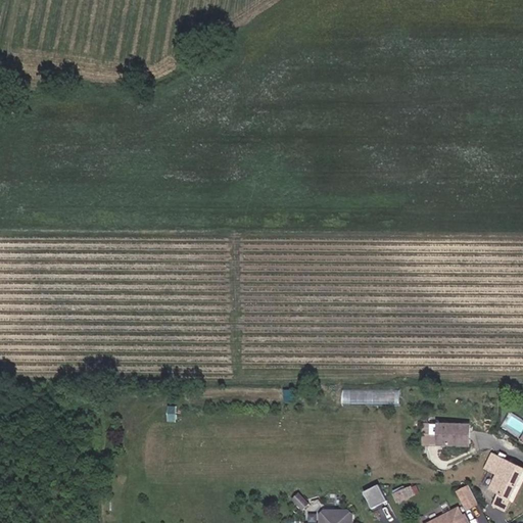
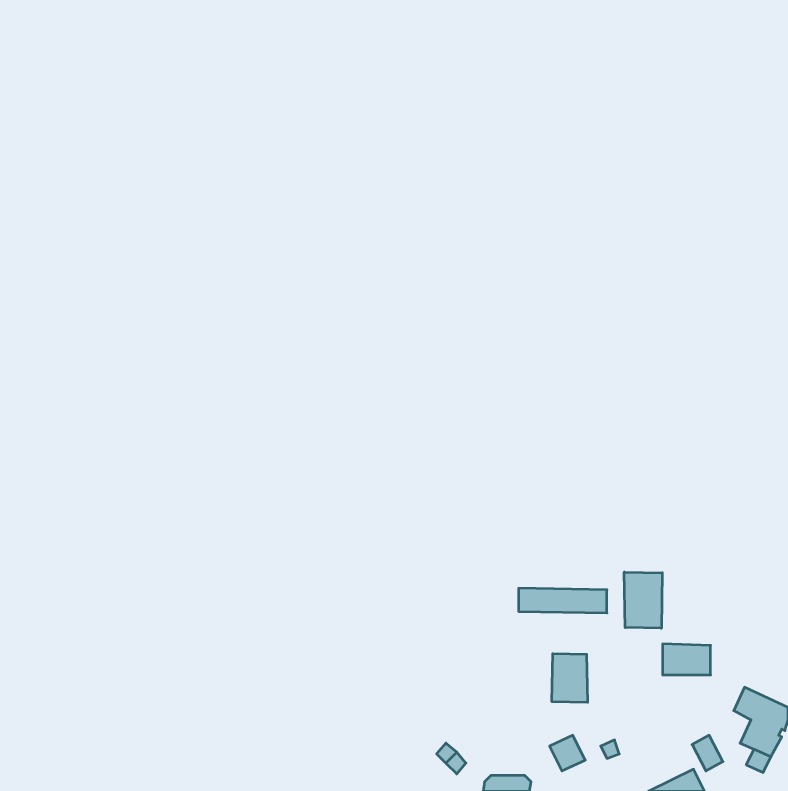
building: none -> [624,572,662,628]
building: none -> [552,654,588,702]

